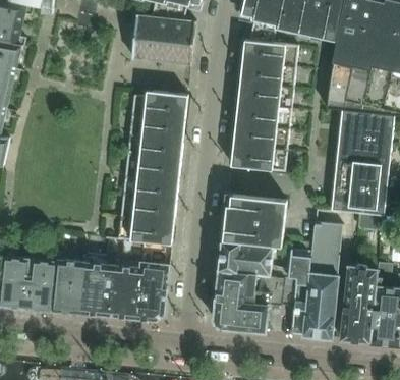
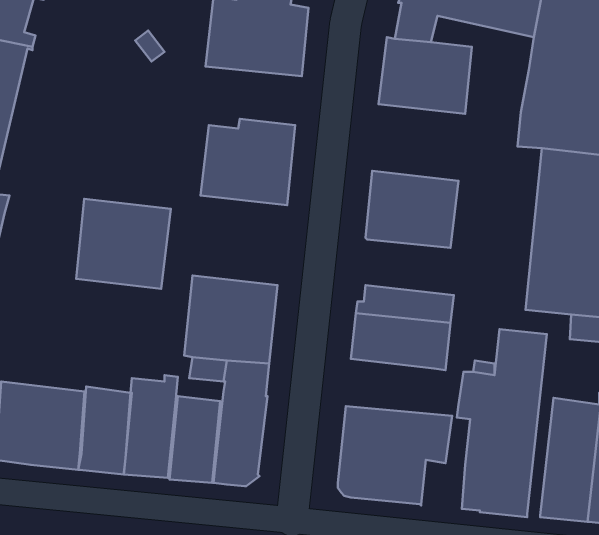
building: [235,82,293,129] -> none
building: [123,139,182,195] -> [76,199,171,289]
building: [219,240,289,277] -> none

